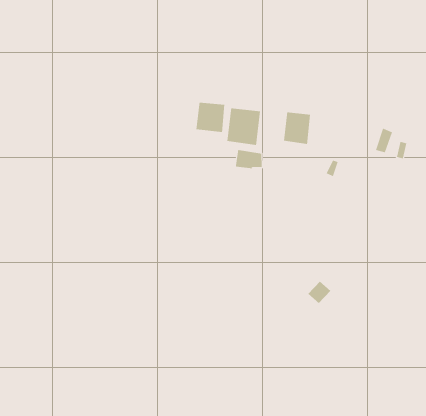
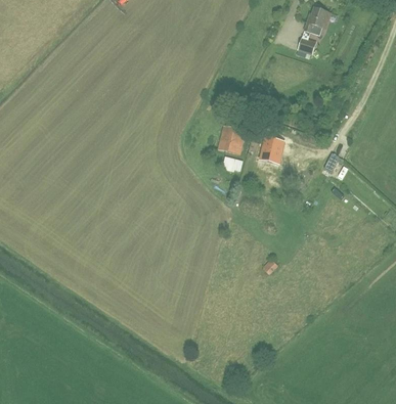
building: [196,102,225,133] -> none

